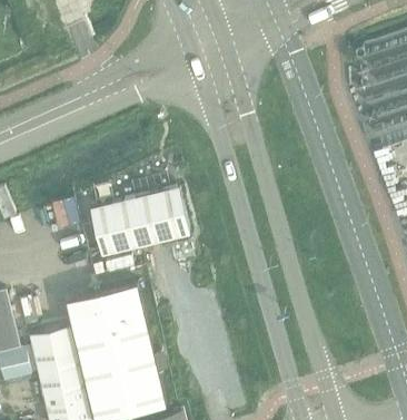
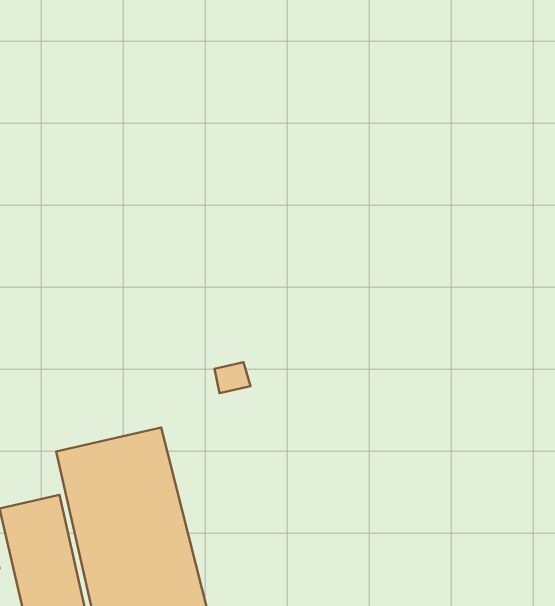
building: [89,189,188,256] -> none

